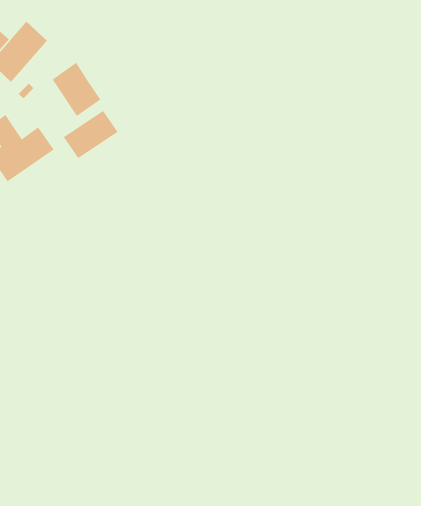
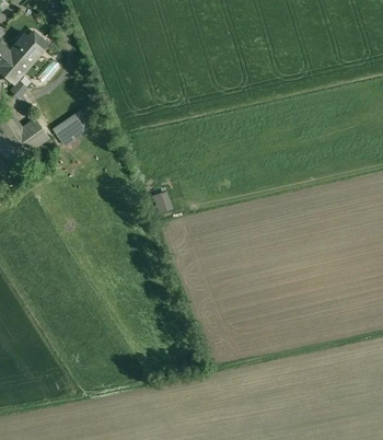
building: [52,62,101,117] -> none

